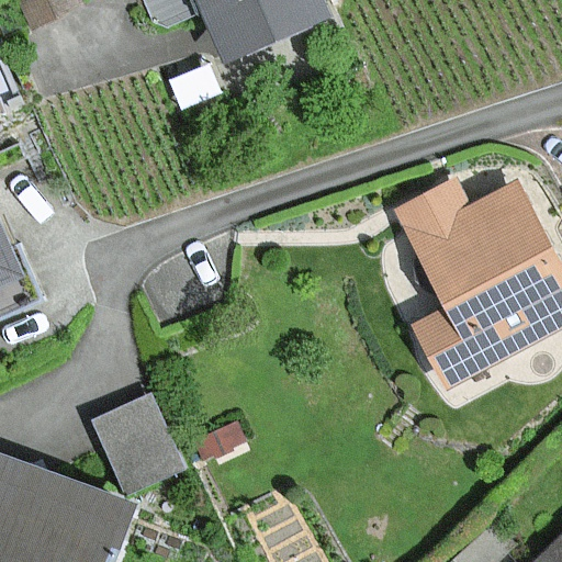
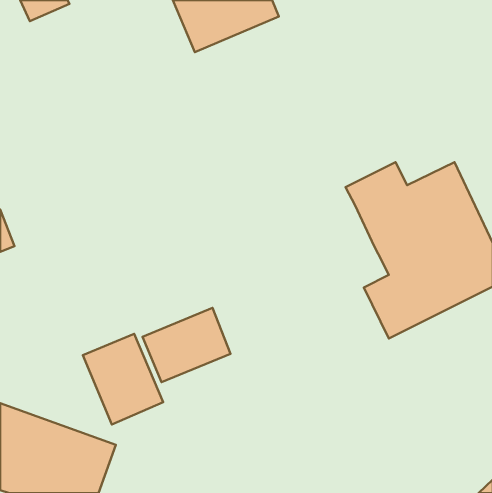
building: none -> [143,308,231,382]

